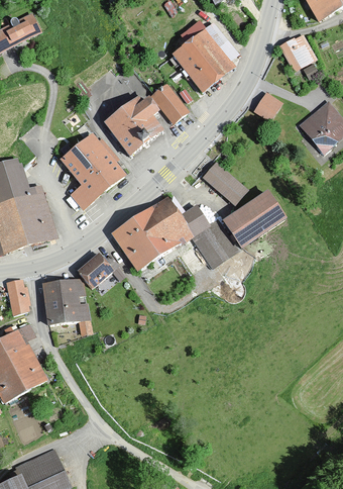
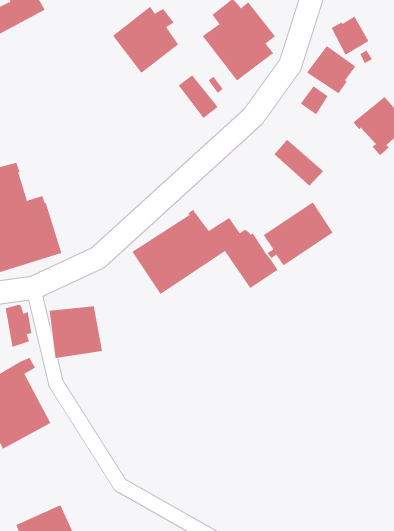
building: none -> [306,45,356,94]
building: [105,98,162,157] -> [112,6,180,75]
building: [62,134,123,207] -> none
building: [204,164,246,204] -> [274,139,324,187]
building: [78,255,118,288] -> none

